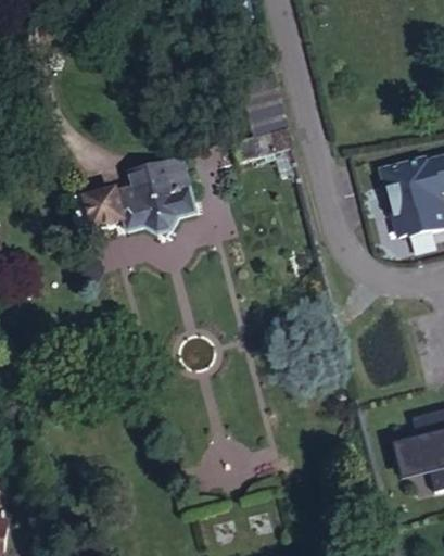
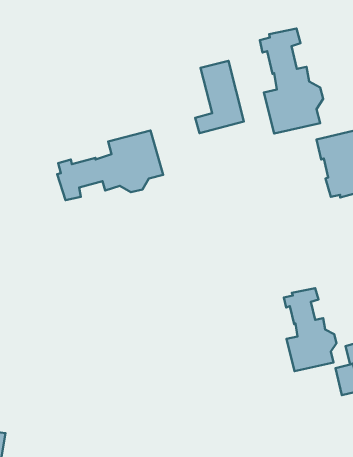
building: none -> [260,29,323,134]
building: none -> [284,288,337,371]

